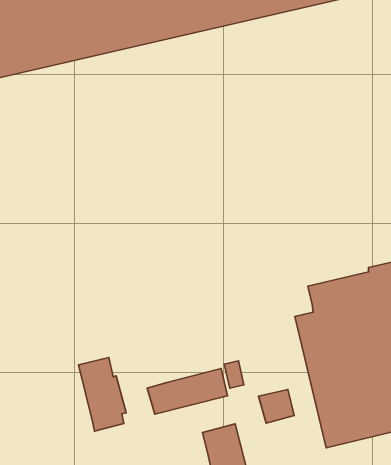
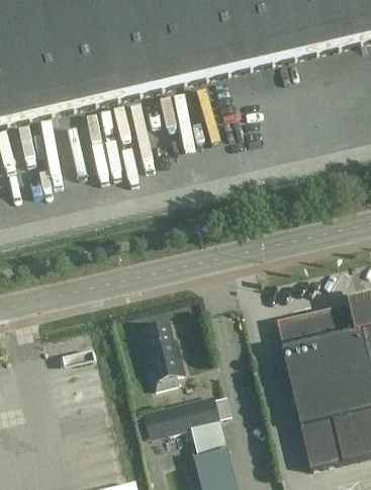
building: [78,357,126,431] -> [140,315,184,384]
building: [258,390,294,423] -> [191,416,224,447]

